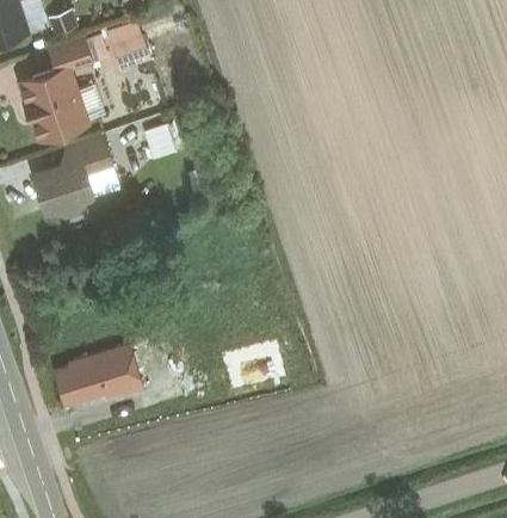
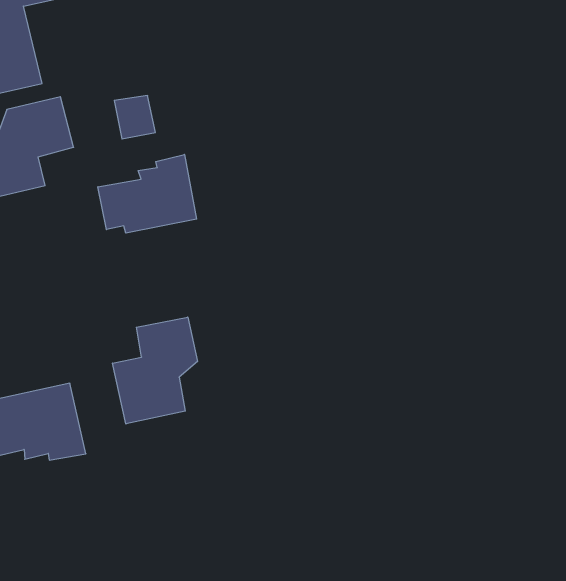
building: none -> [98,154,197,233]
building: none -> [113,317,197,424]

